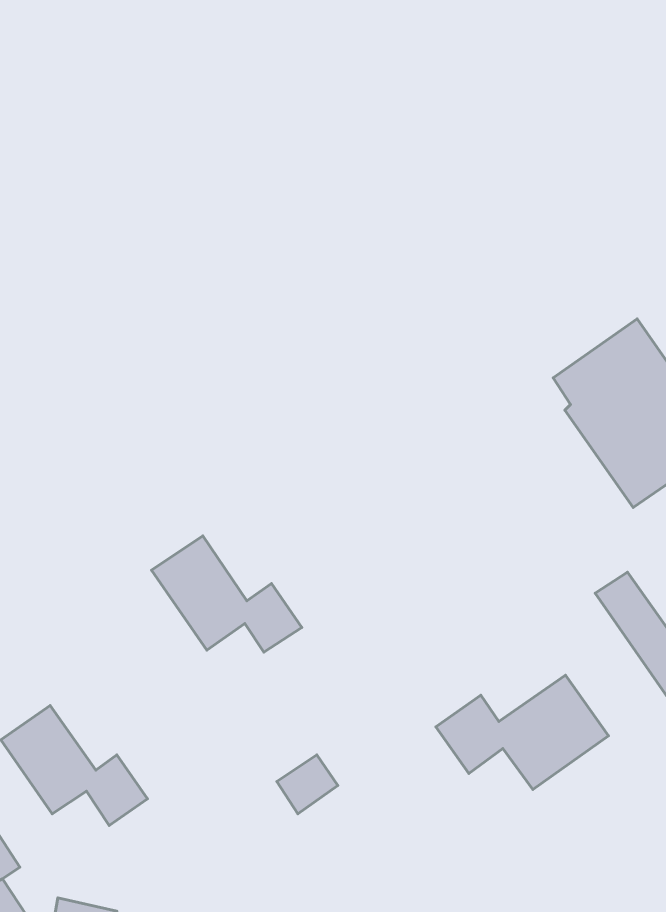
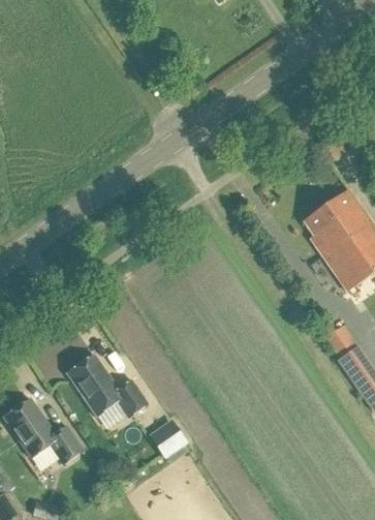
building: [151,536,302,652] -> [65,354,147,417]
building: [436,675,609,789] -> none

